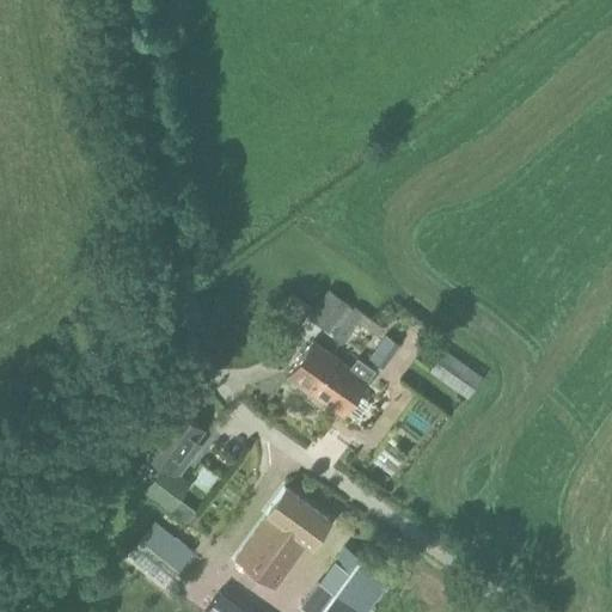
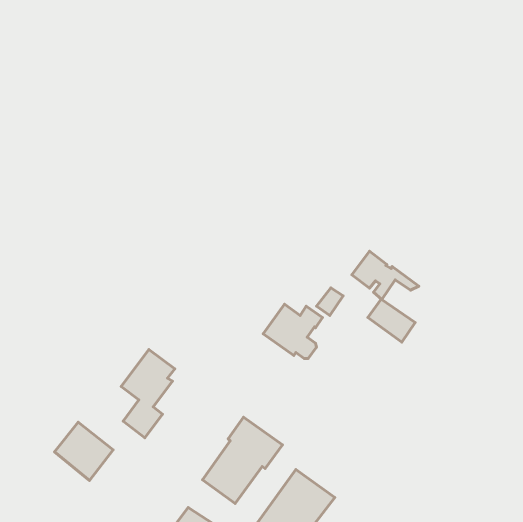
building: [310,292,387,348] -> [352,251,419,299]
building: [289,343,333,392] -> none
building: [128,524,196,592] -> [55,422,113,481]

